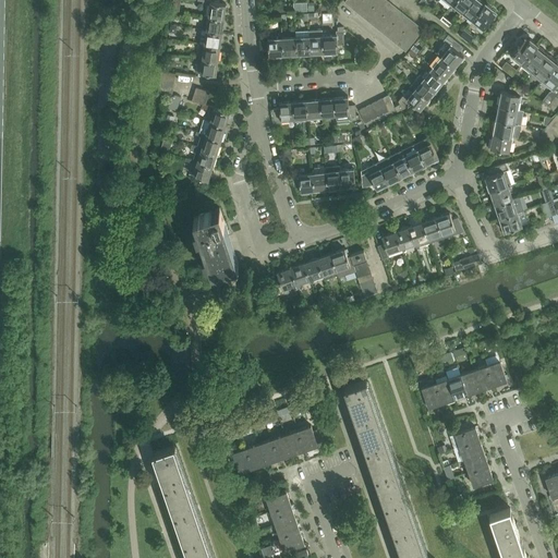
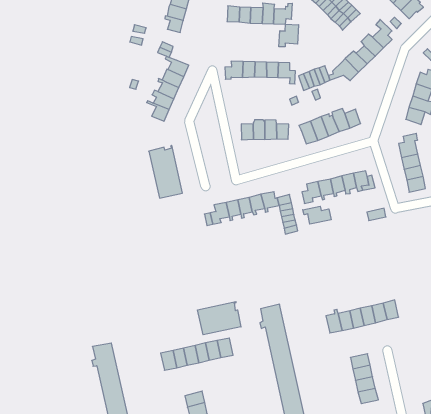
building: none -> [279,24,299,47]
building: none -> [303,206,331,224]
building: none -> [198,302,241,335]

